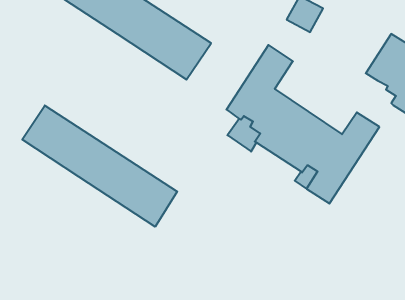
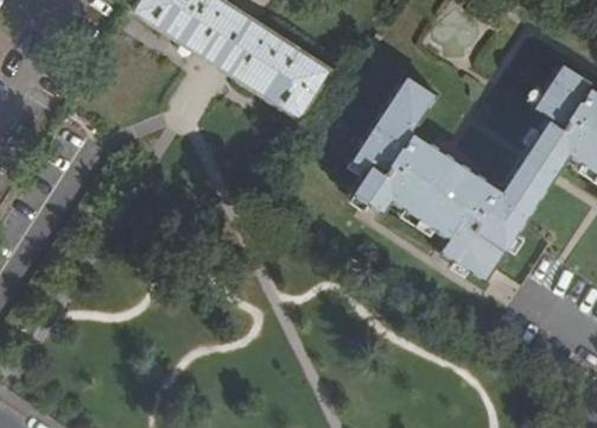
building: none -> [520,120,571,181]
building: [22,105,177,227] -> none

